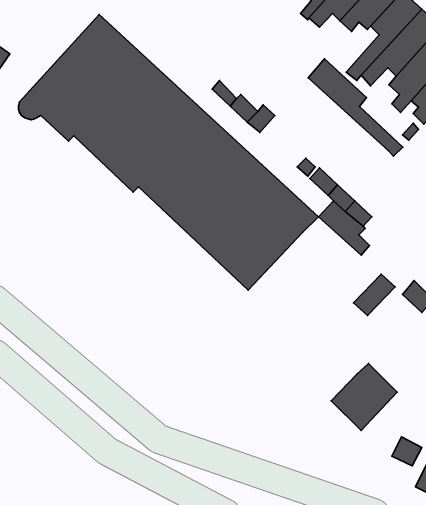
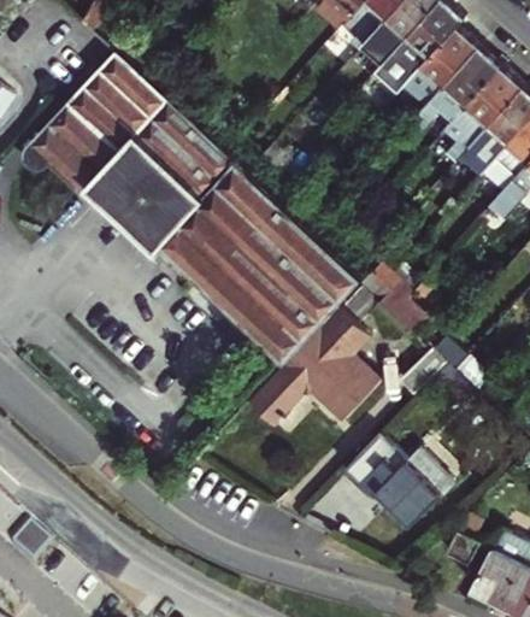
building: [308,59,403,156] -> none
building: none -> [251,302,383,421]
building: none -> [343,436,405,498]

